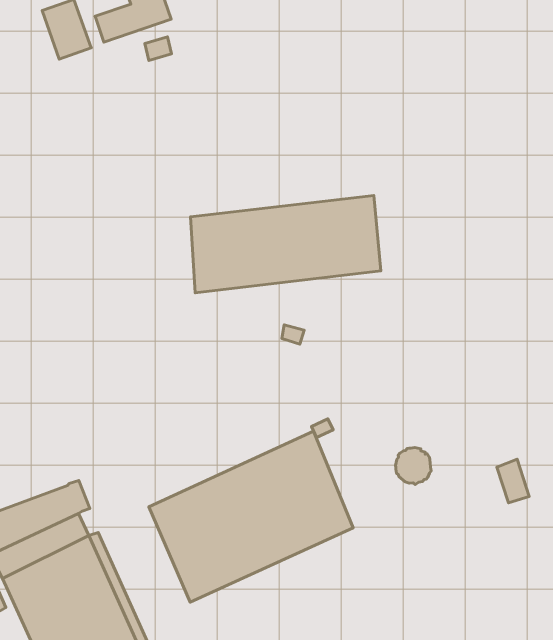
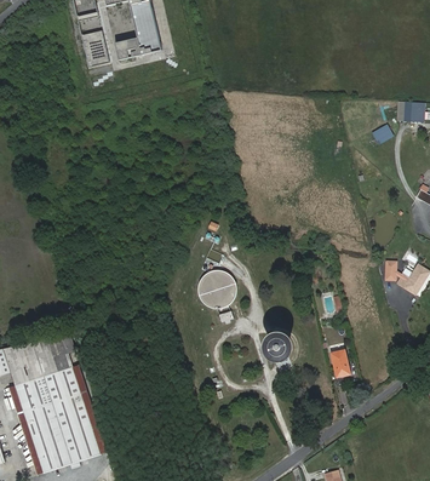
building: [191,196,381,293] -> none
building: none -> [197,270,236,308]
building: [149,431,353,602] -> none

